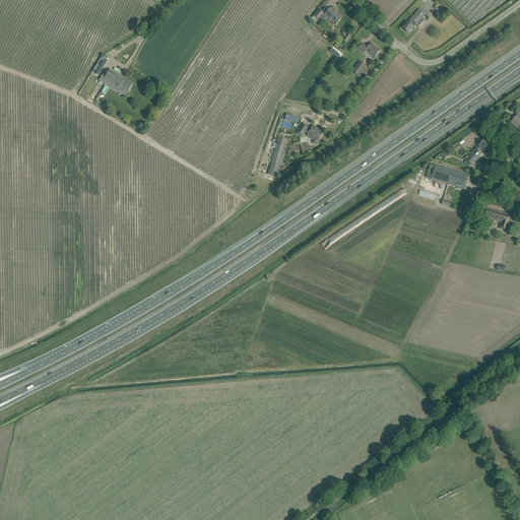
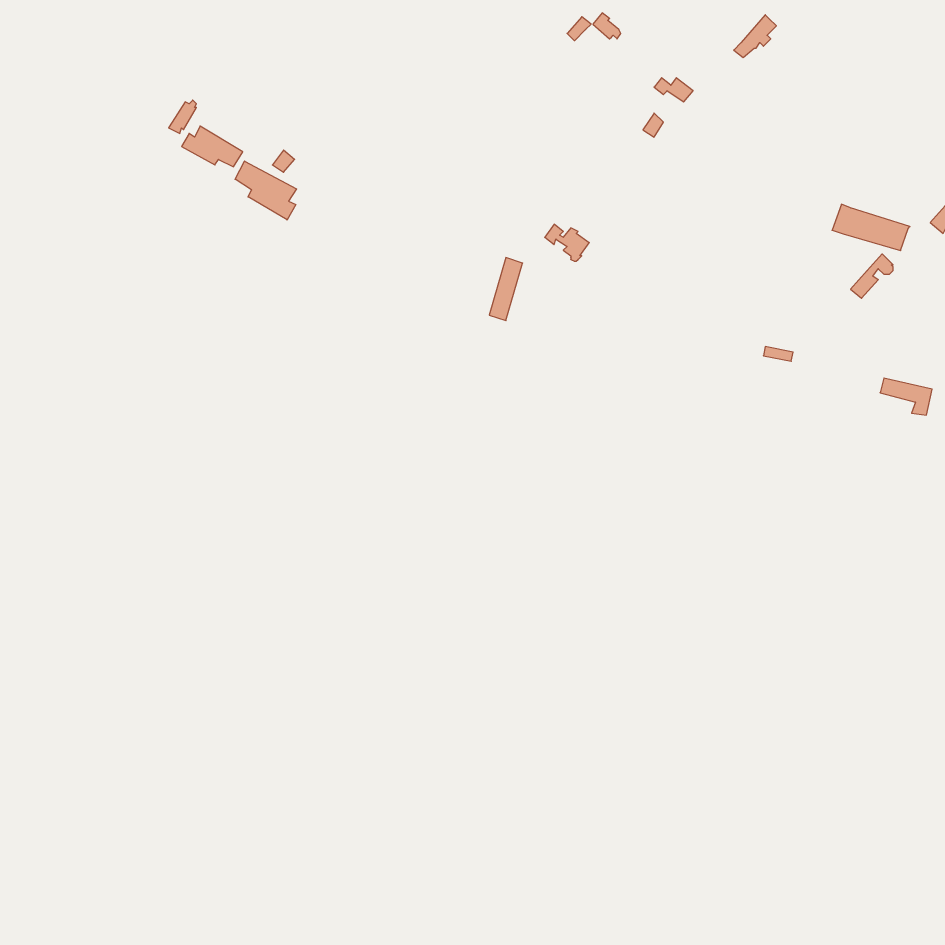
building: none -> [235,161,297,220]
building: [427,162,469,188] -> [832,204,910,251]

